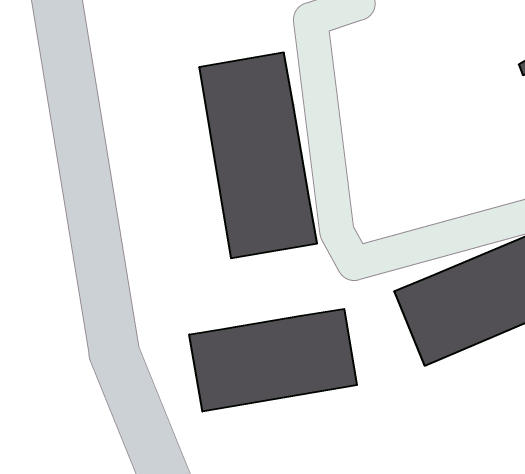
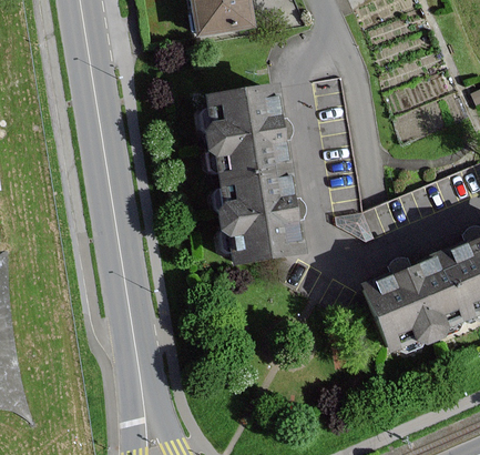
building: [189,309,357,412] -> none

